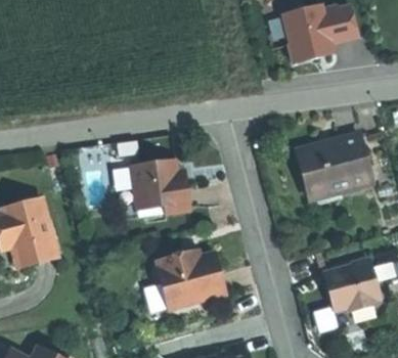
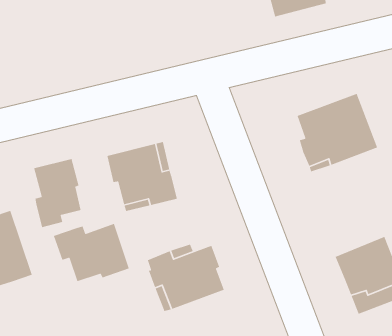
building: none -> [33,158,82,228]
building: none -> [53,223,130,282]

